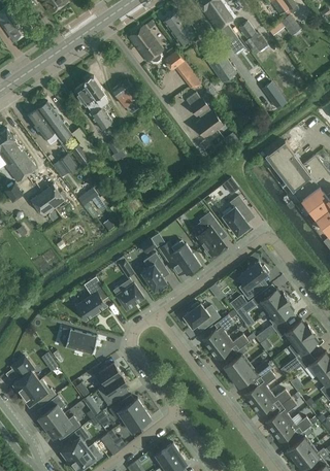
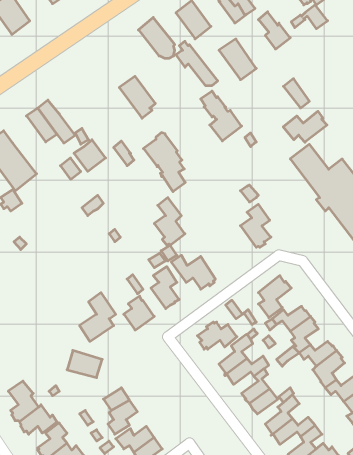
building: [73,75,111,129] -> [143,133,185,192]
building: none -> [283,111,327,142]
building: [30,183,65,217] -> none
building: [196,212,224,256] -> [154,198,185,245]

